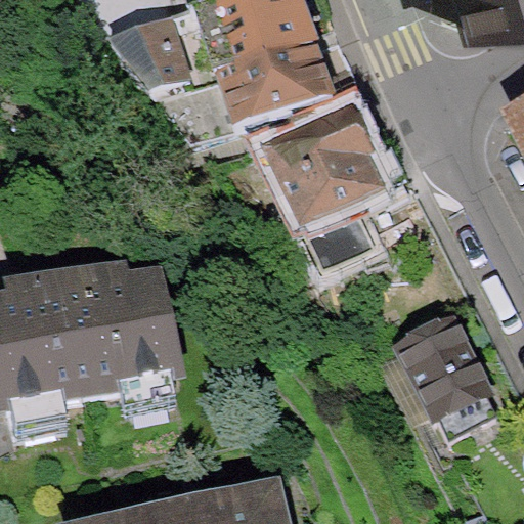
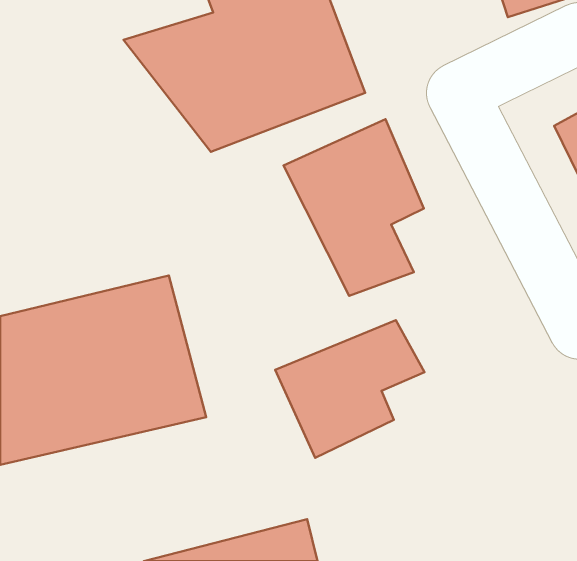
building: none -> [275,320,425,458]
building: [377,310,503,435] -> none

